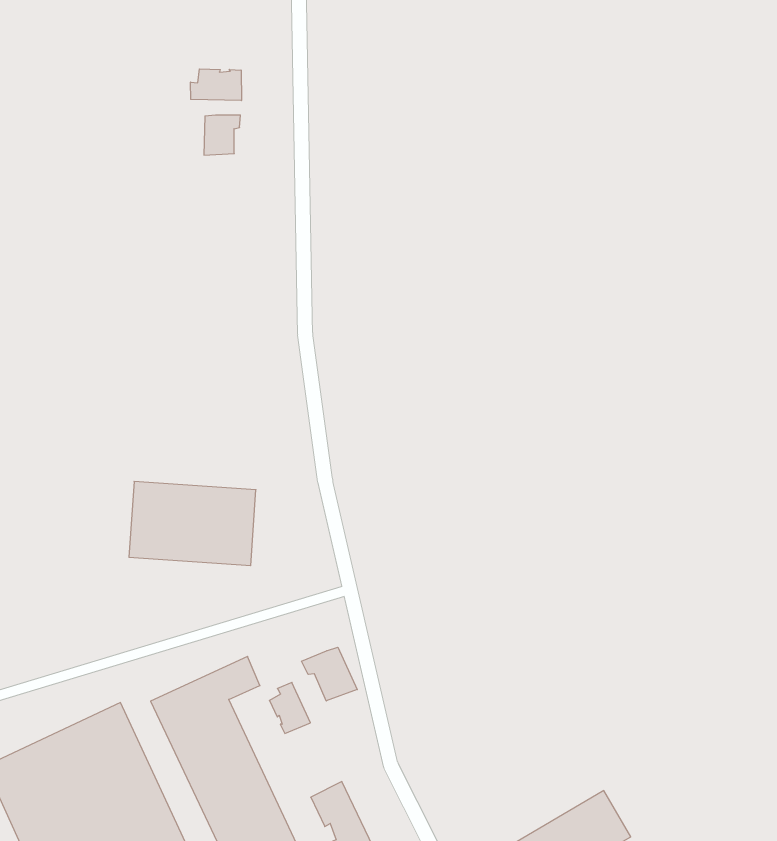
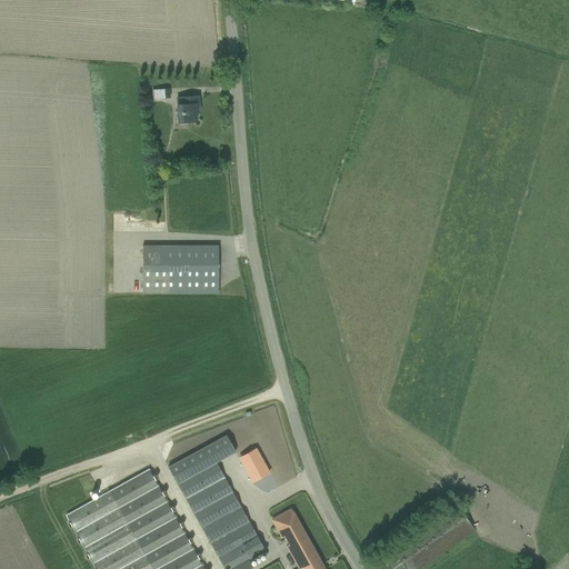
building: [191,69,241,101] -> none
building: [129,481,256,566] -> [142,246,219,293]
building: [302,647,357,701] -> none

